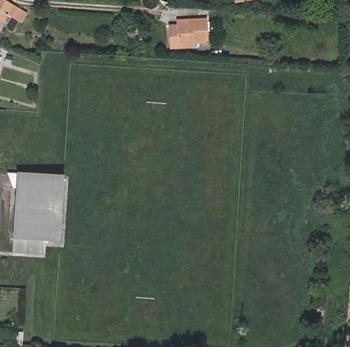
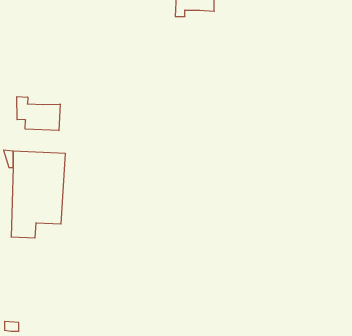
building: none -> [17,97,60,131]

